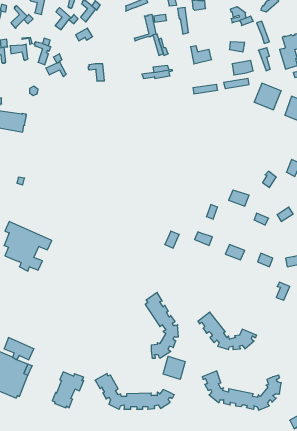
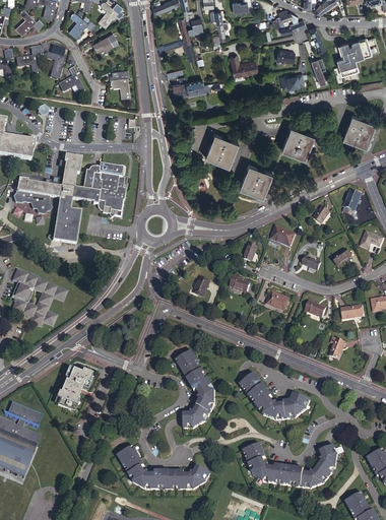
building: [254,83,281,110] -> [280,127,313,158]
building: none -> [204,133,237,166]
building: none -> [13,154,124,243]
building: none -> [239,165,271,196]
building: [163,356,185,379] -> none
building: [52,372,84,408] -> [59,370,97,412]

